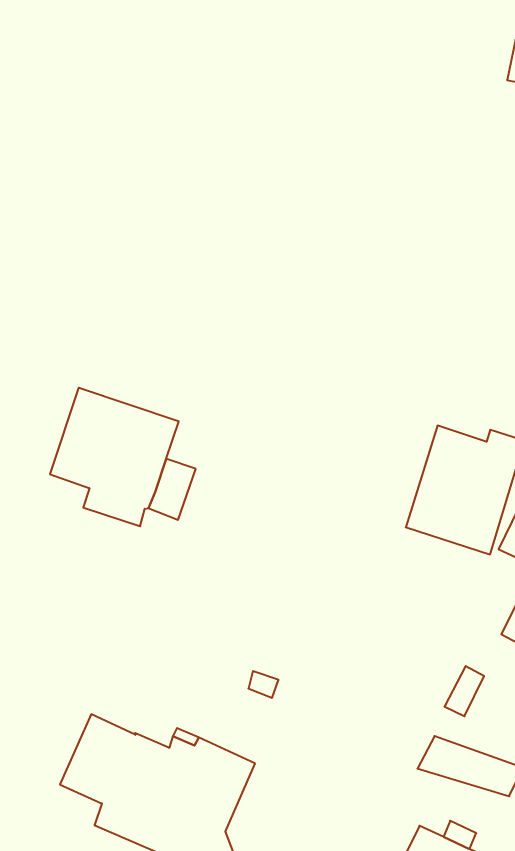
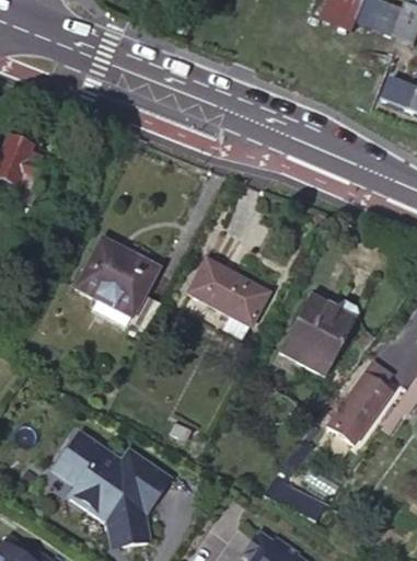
building: none -> [188,259,269,325]

